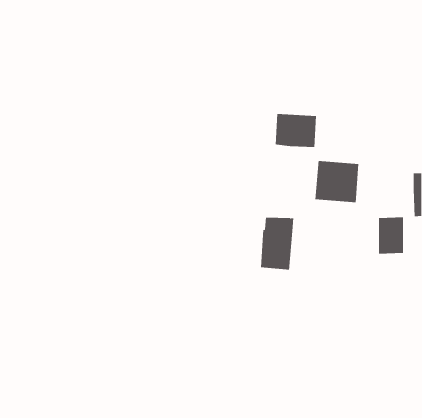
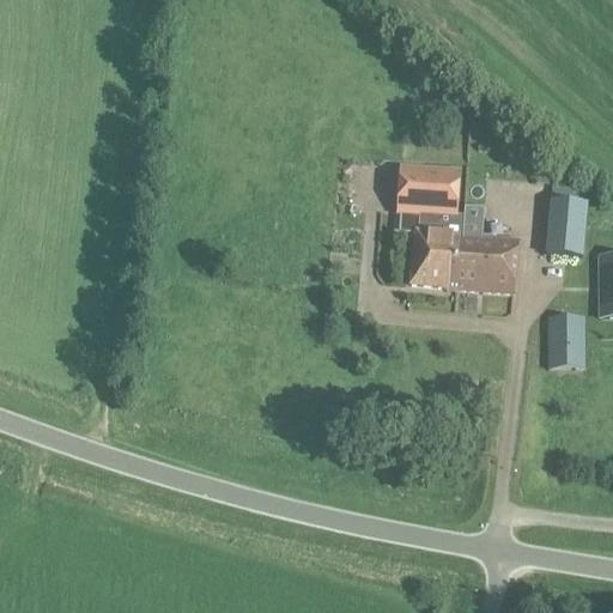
building: none -> [547,196,578,250]
building: [260,217,294,270] -> [412,212,461,289]

